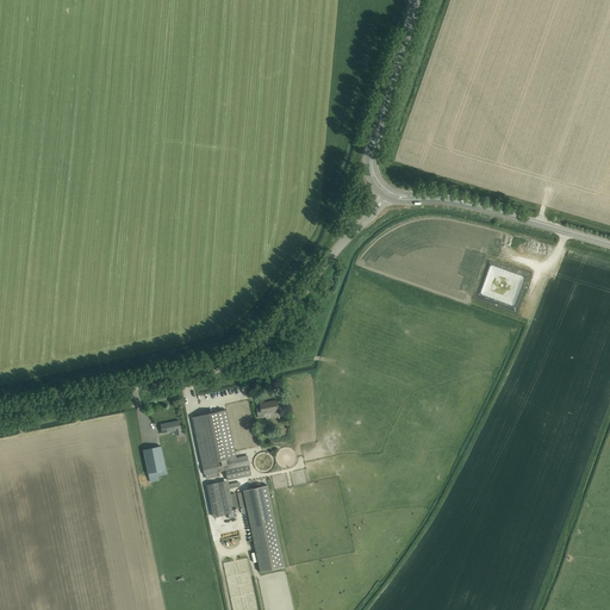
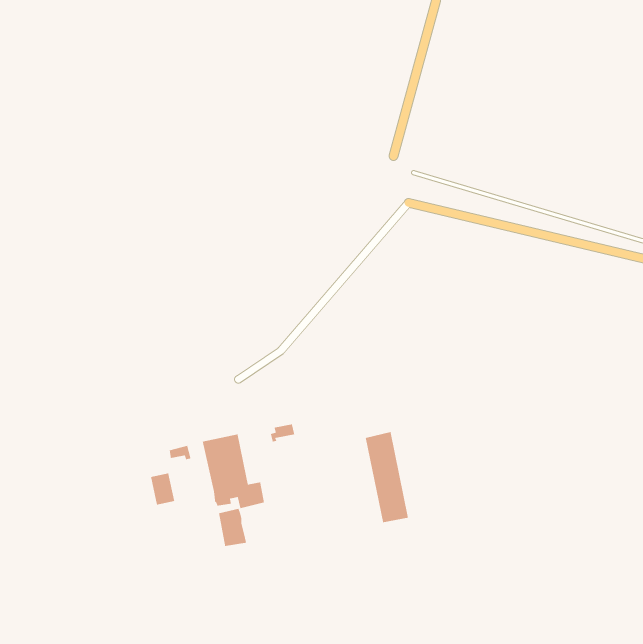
building: [242,485,284,572] -> [365,431,409,523]

